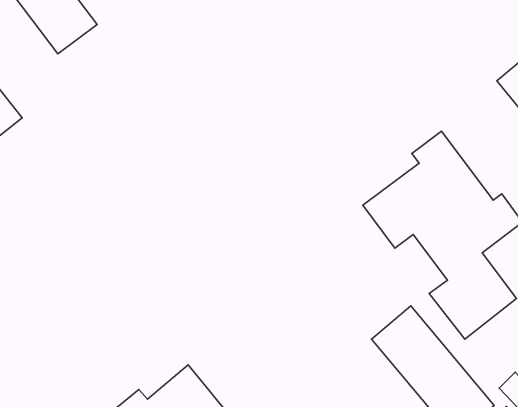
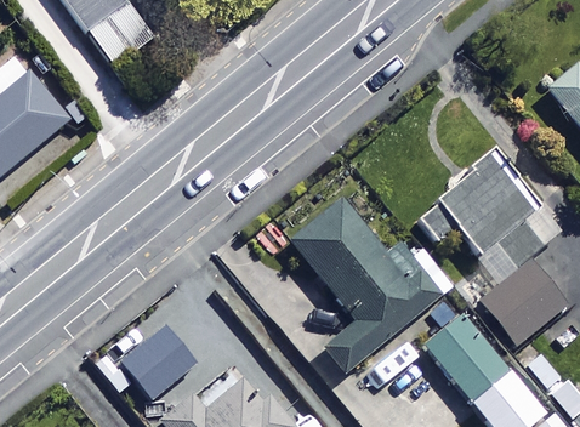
building: none -> [291,200,439,372]
building: none -> [127,323,205,399]

